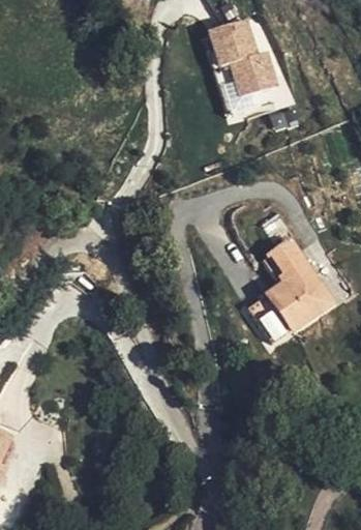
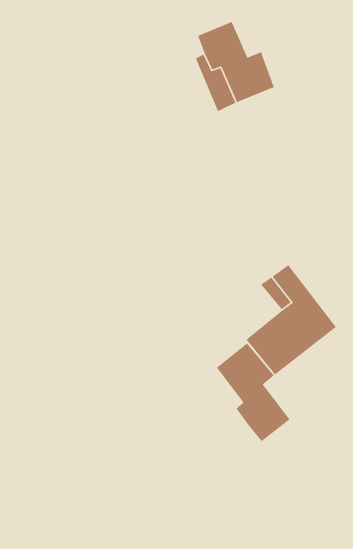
building: none -> [216,342,290,442]

